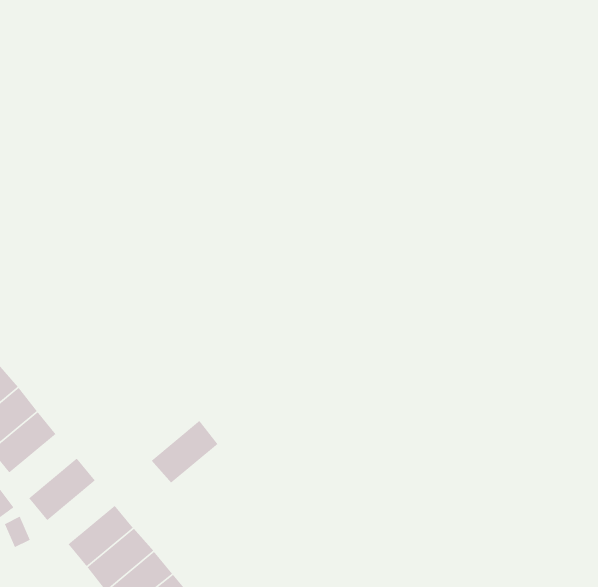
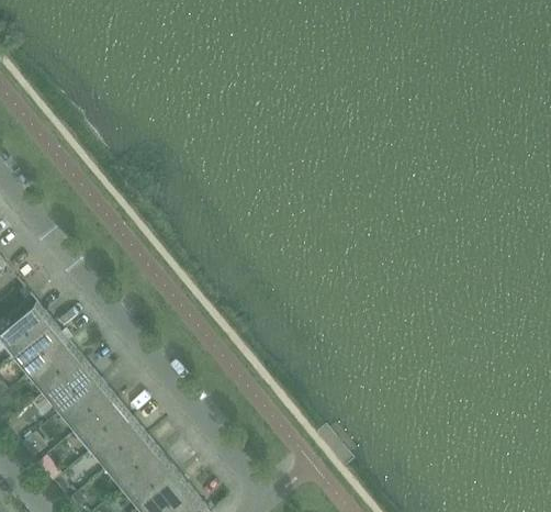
building: [151,420,219,483] -> [89,414,144,466]
building: none -> [58,377,113,428]

